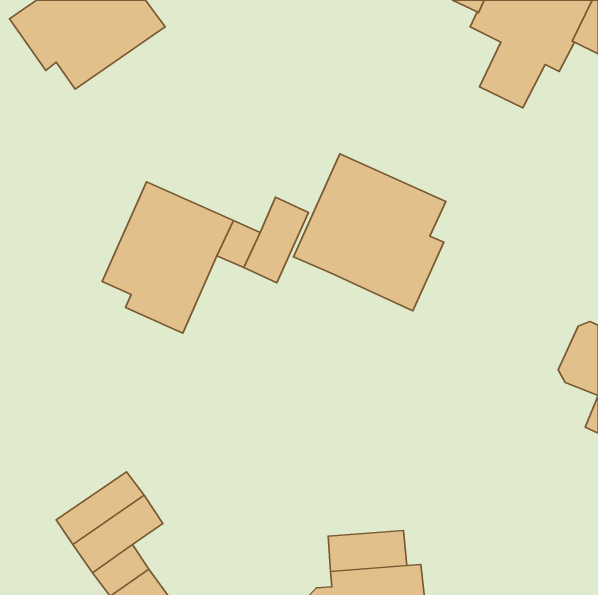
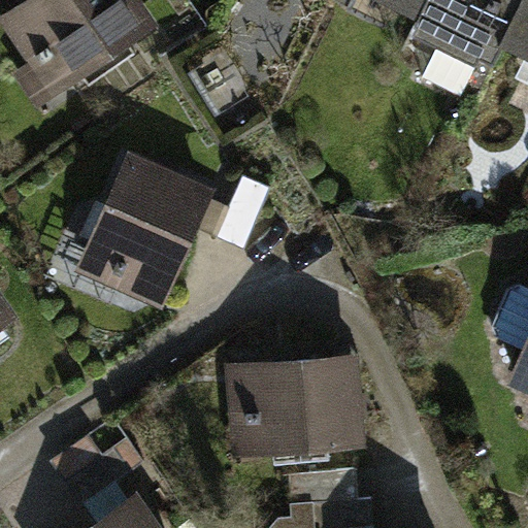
building: [293,154,446,311] -> none
building: none -> [238,361,354,452]

